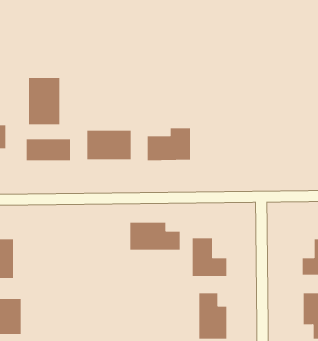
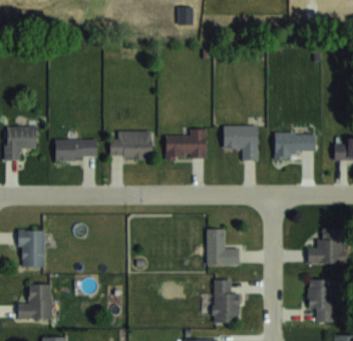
building: [29,77,60,125] -> none
building: none -> [224,125,257,160]
building: none -> [274,133,315,159]
building: [130,222,180,250] -> none

